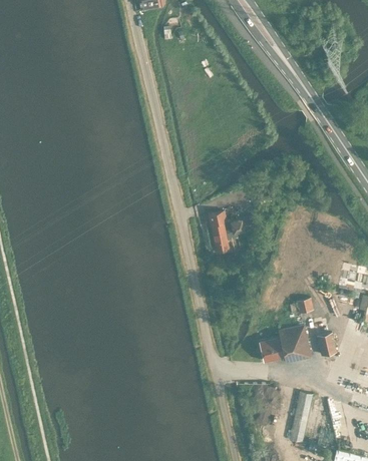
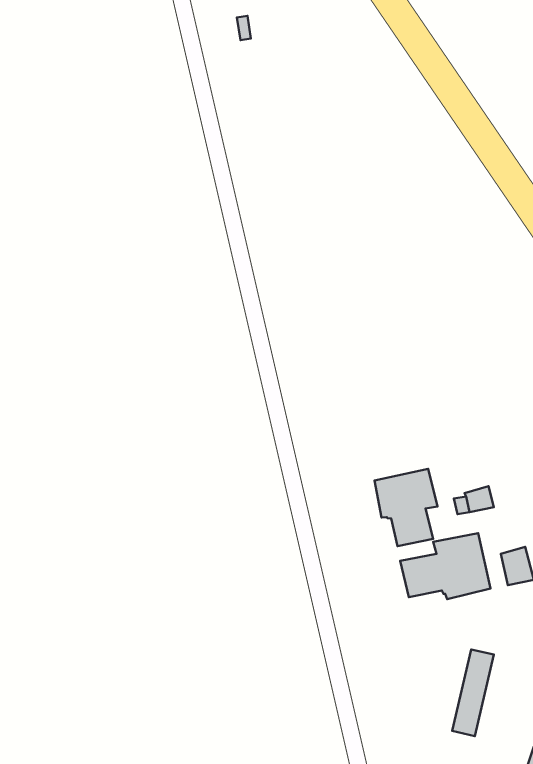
building: [206,212,253,254] -> none
building: none -> [374,469,438,546]

